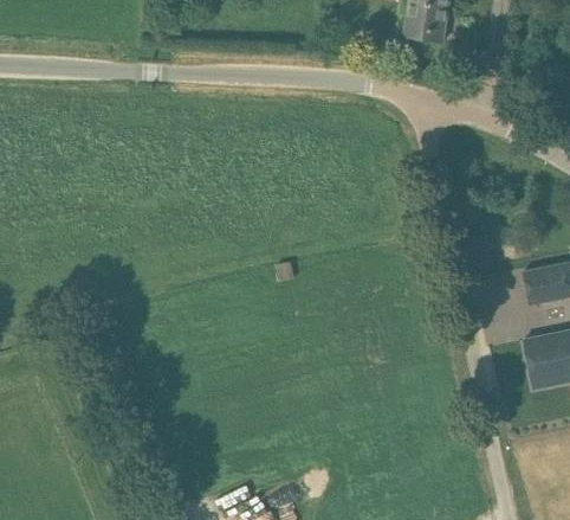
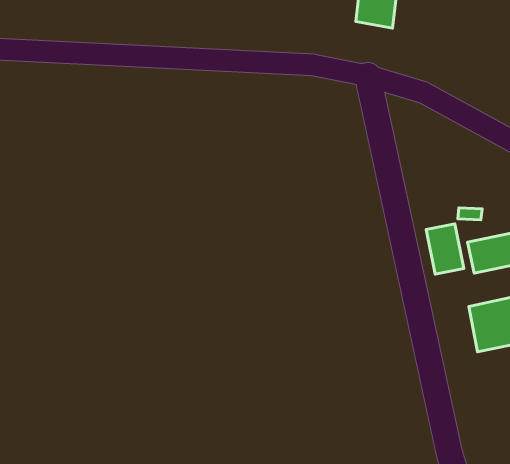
building: none -> [426,224,464,274]

